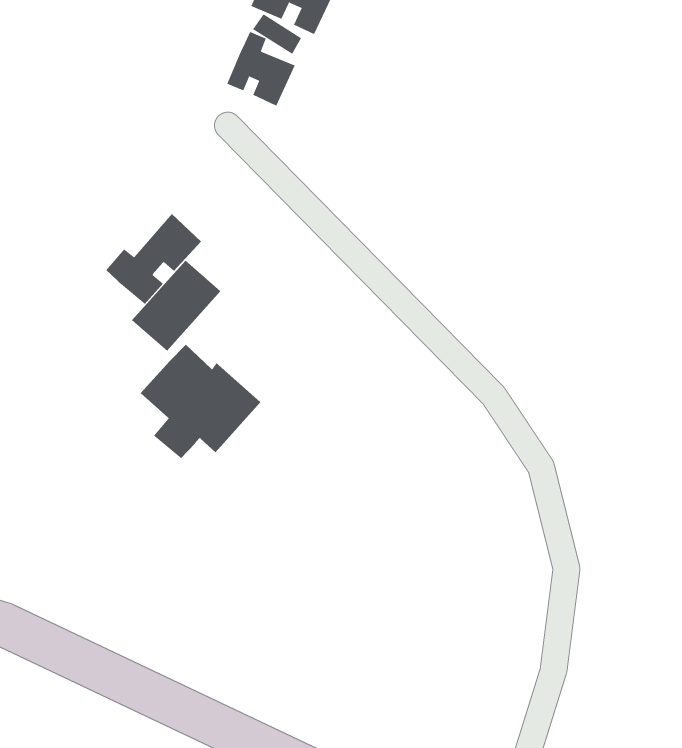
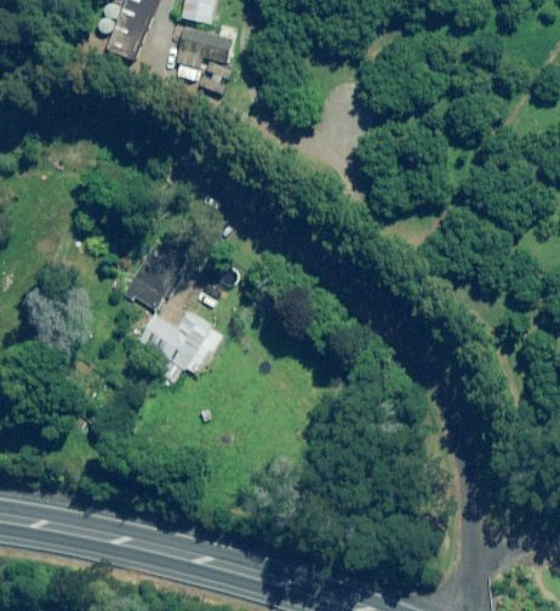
building: [227,31,295,106] -> none
building: [105,213,202,305] -> none

